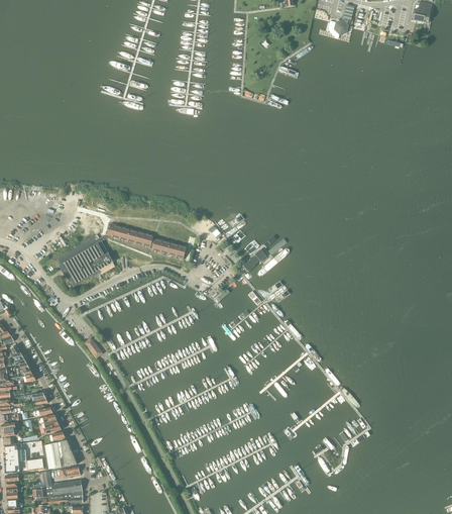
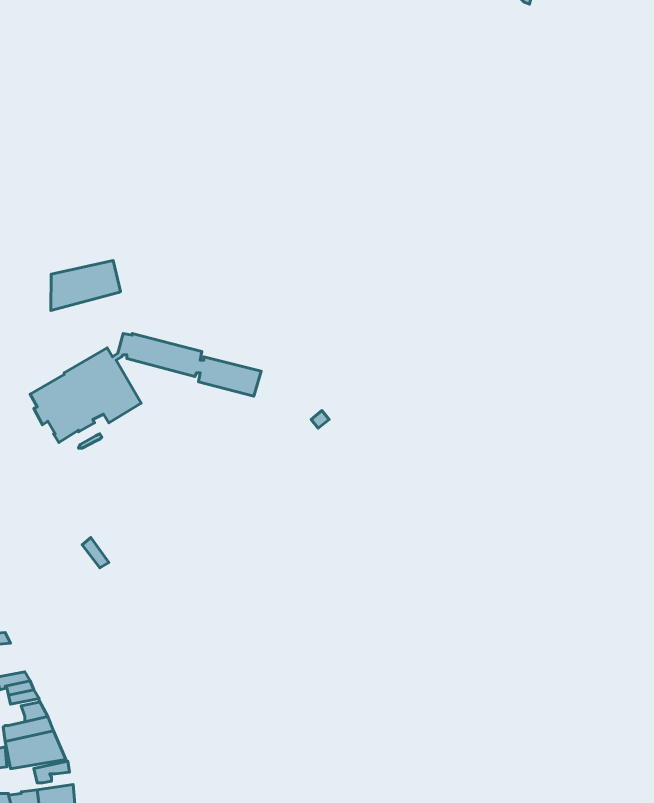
building: none -> [51,261,121,311]

